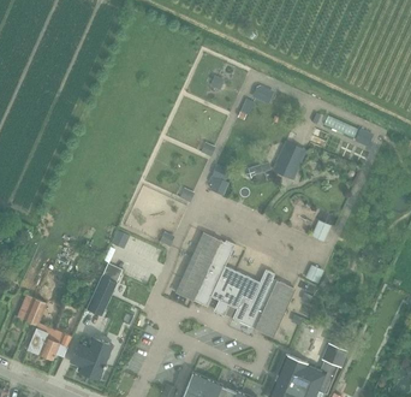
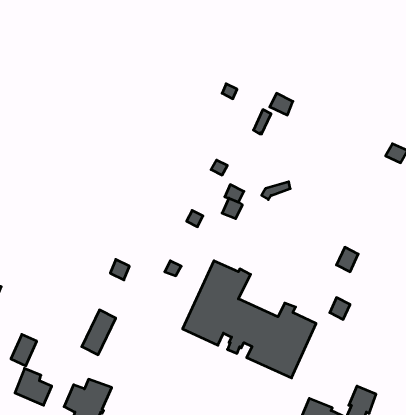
building: [270,141,305,180] -> none

